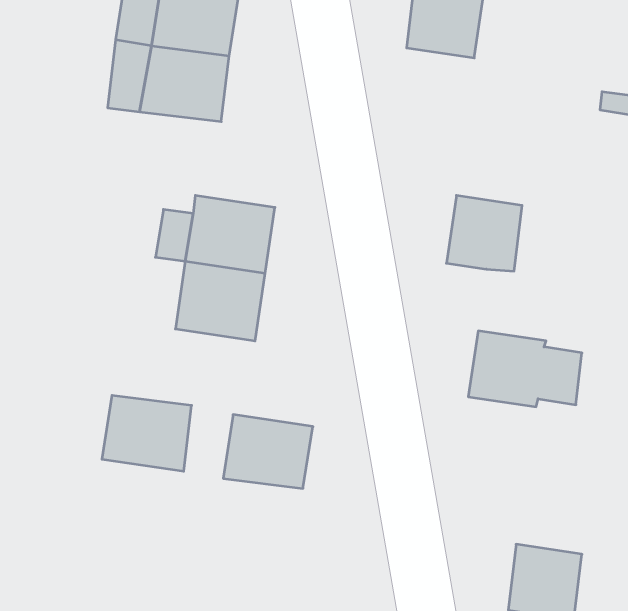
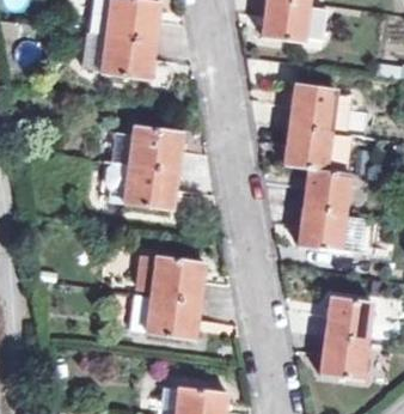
building: none -> [292,83,337,130]
building: none -> [305,169,350,212]
building: [102,395,192,471] -> [146,294,200,340]
building: none -> [328,296,373,340]

